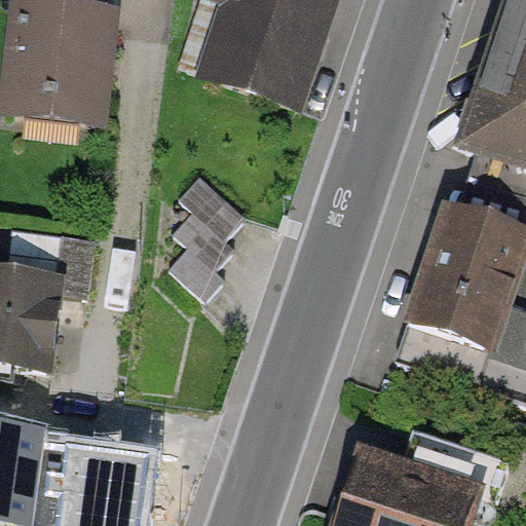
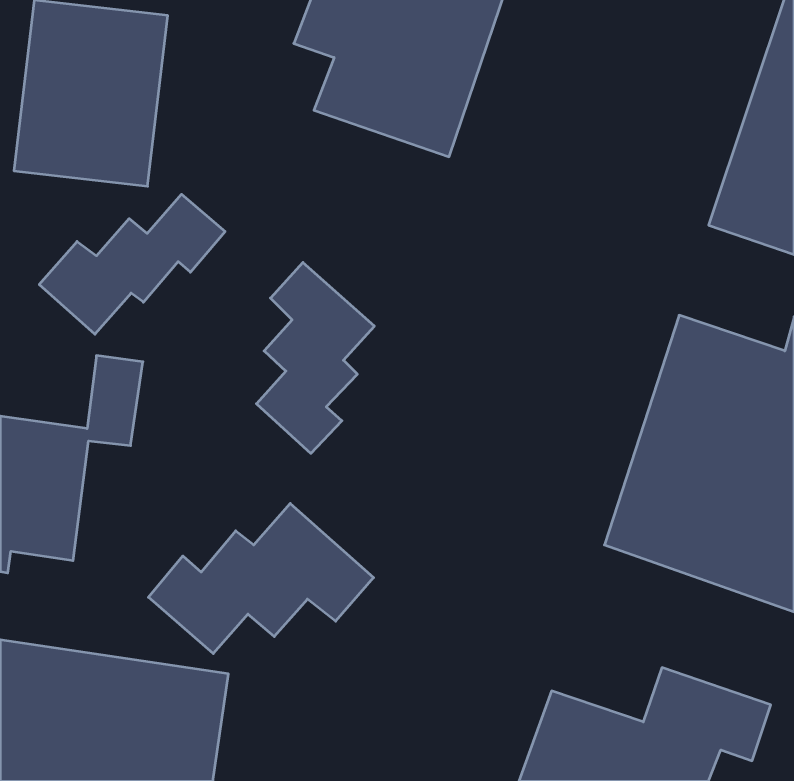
building: none -> [39,194,225,334]
building: none -> [148,503,374,654]

